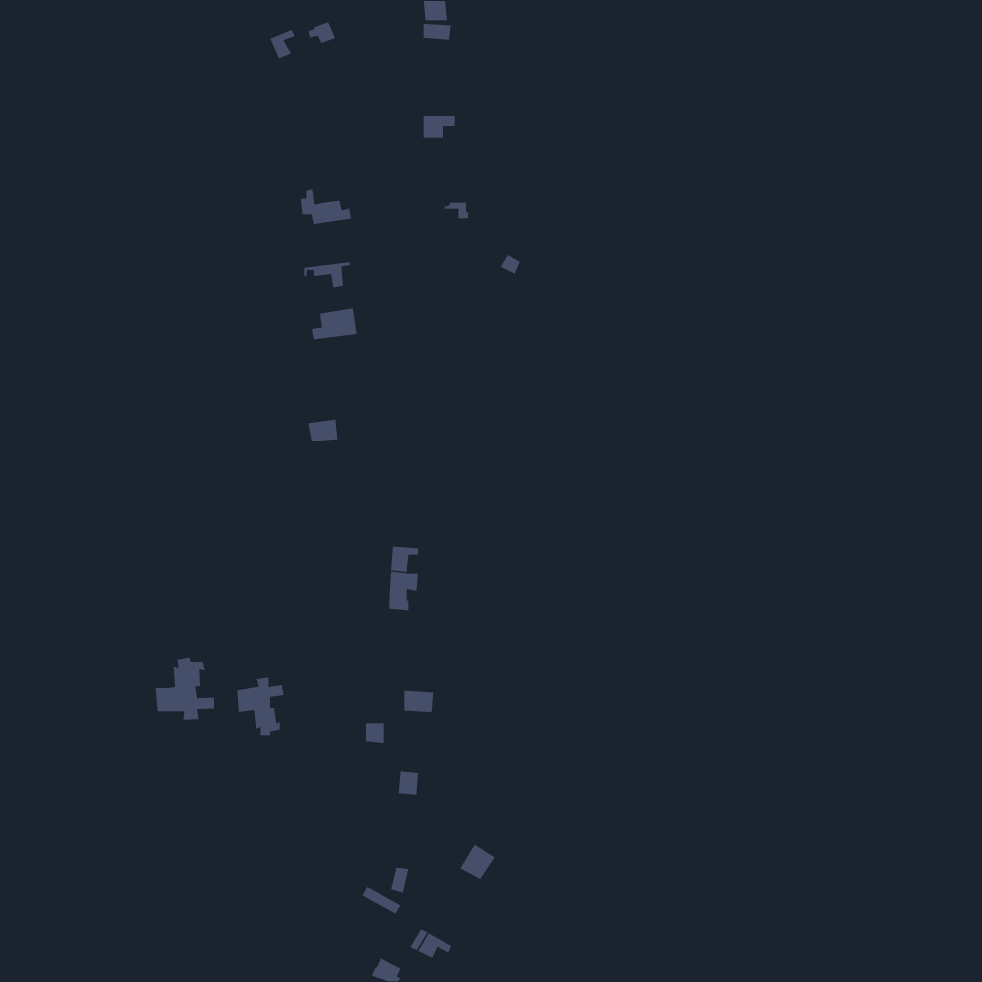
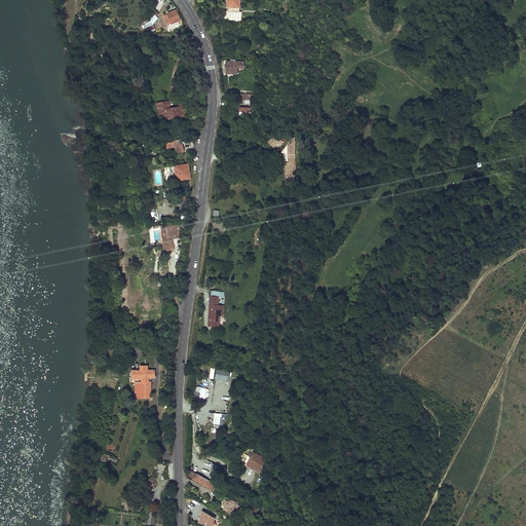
building: [155,657,215,720] -> none

